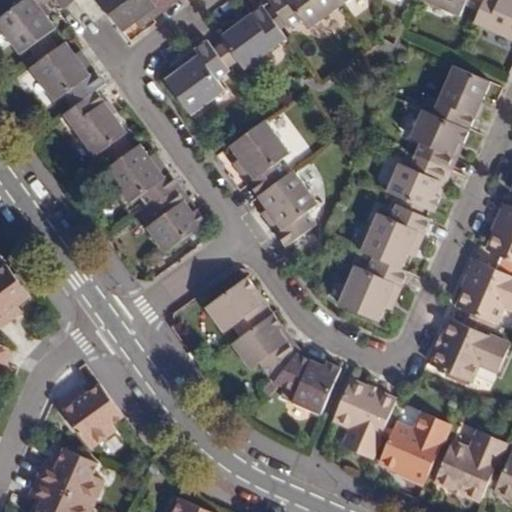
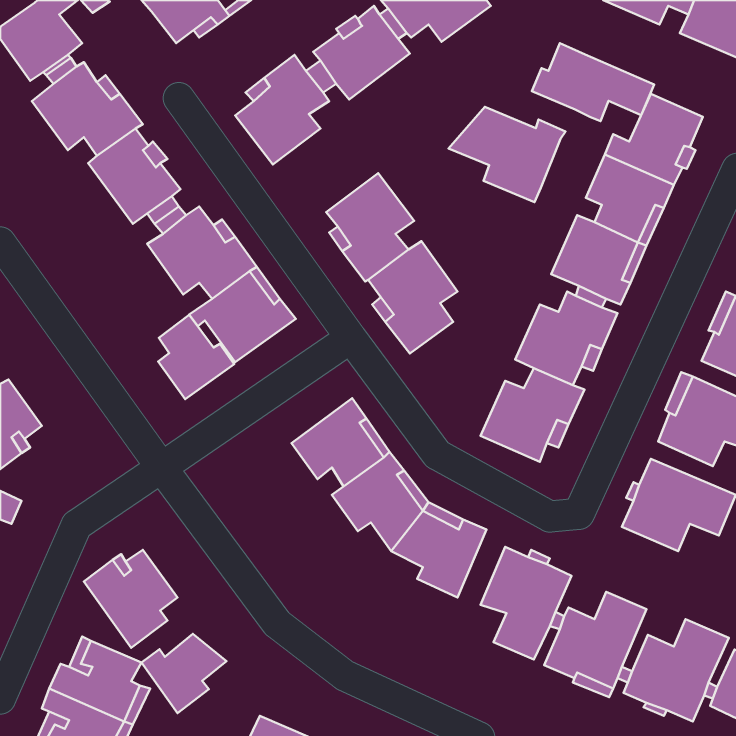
building: none -> [532,43,654,121]
building: none -> [448,107,565,202]
building: none -> [158,315,234,399]
building: none -> [141,634,227,713]

